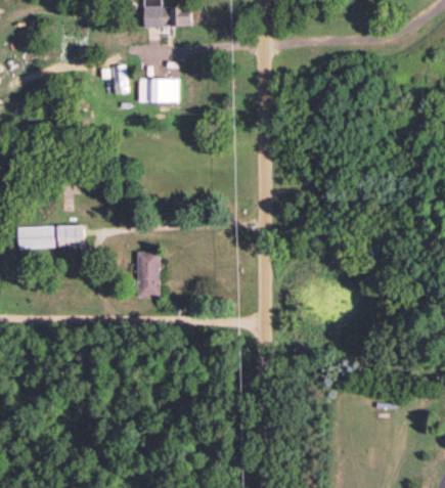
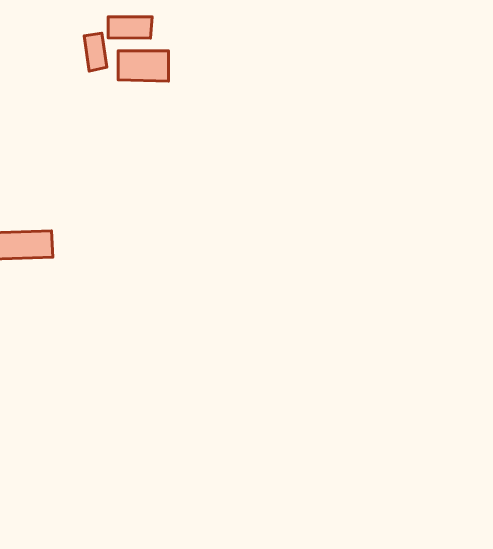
building: none -> [108,17,152,38]
building: [137,252,160,297] -> none

